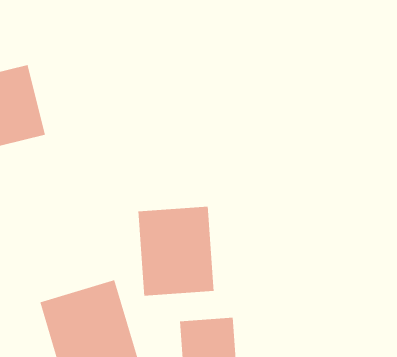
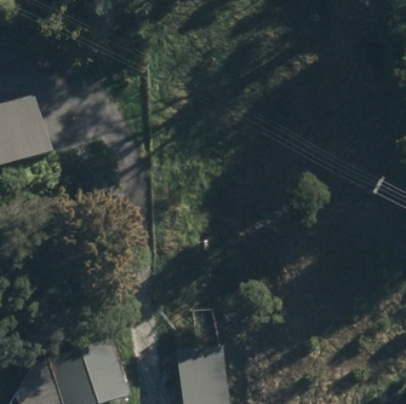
building: [138,206,214,297] -> none

